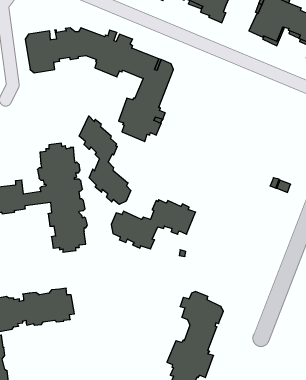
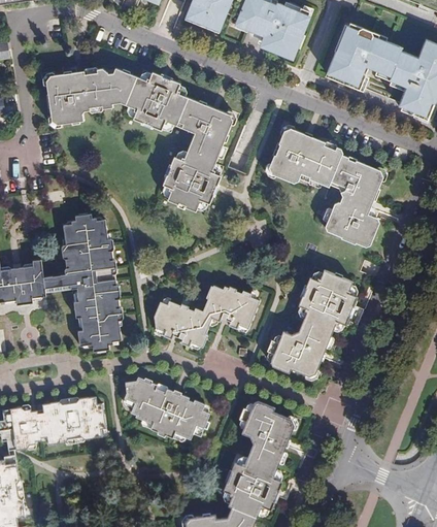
building: none -> [268,128,381,246]
building: [79,116,131,204] -> none
building: none -> [267,268,357,375]
building: none -> [123,376,210,438]

